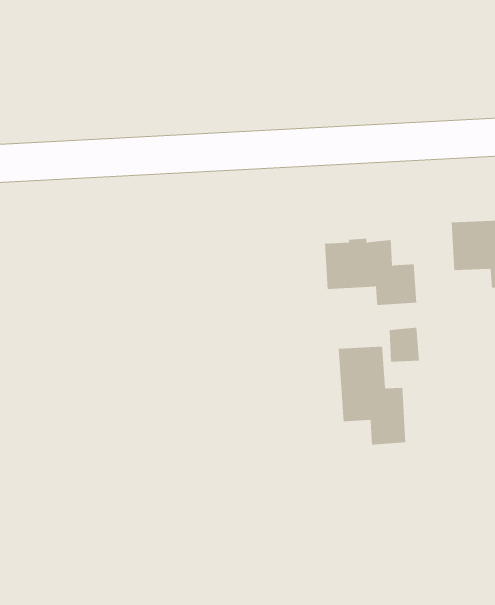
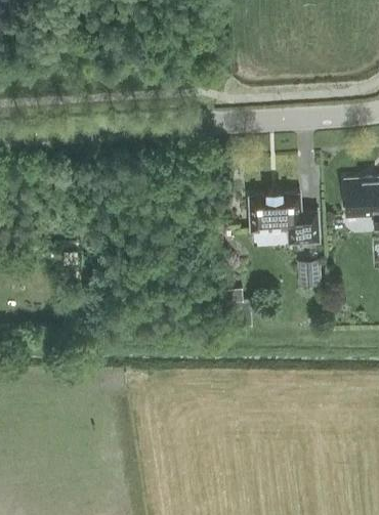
building: [338,346,406,445] -> none

